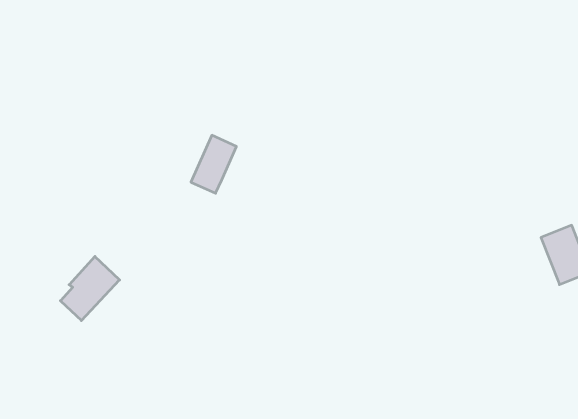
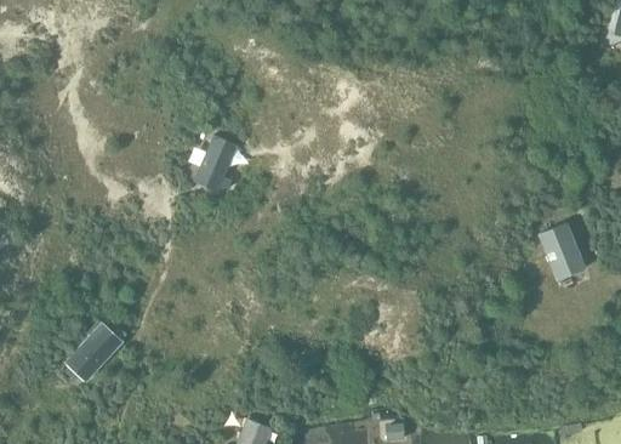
building: [60,256,120,321] -> [65,320,124,383]

